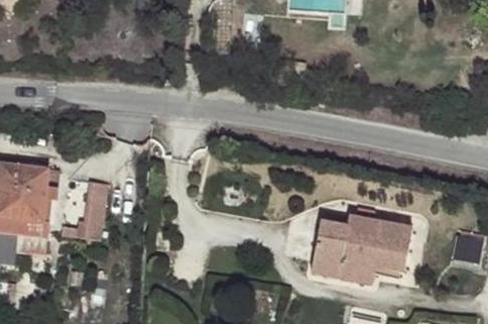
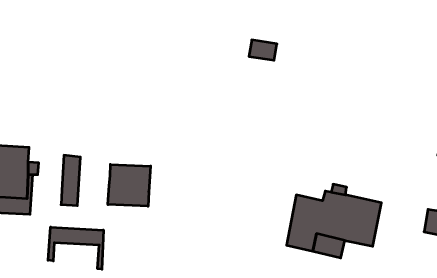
building: none -> [108,164,151,206]
building: none -> [48,227,103,269]

